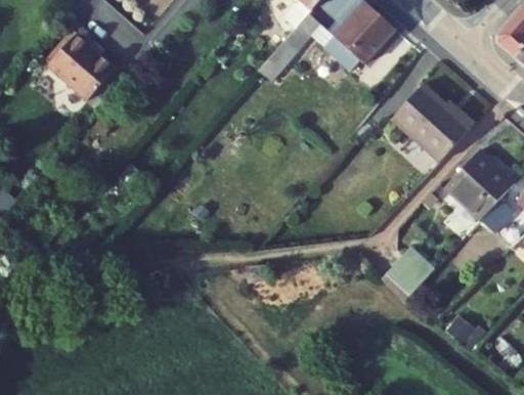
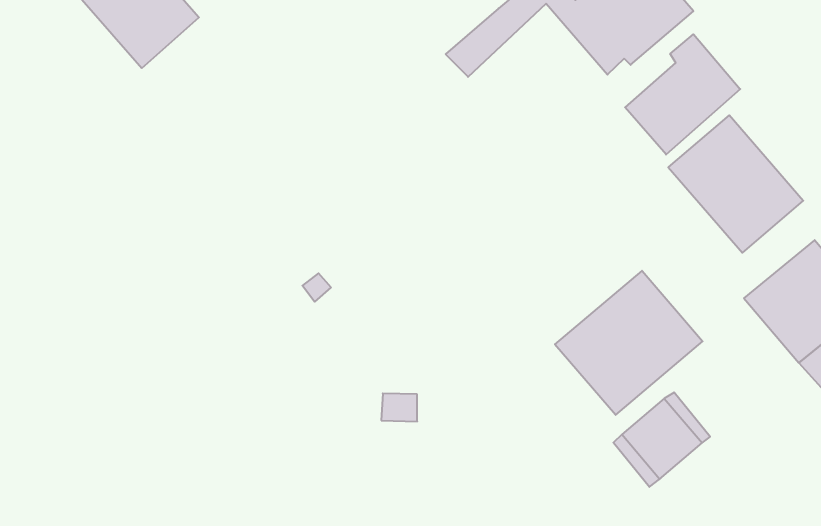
building: none -> [625,34,740,155]
building: none -> [555,271,703,415]

